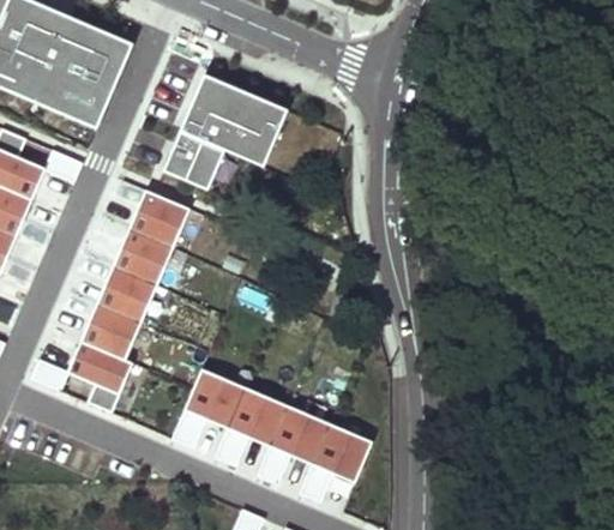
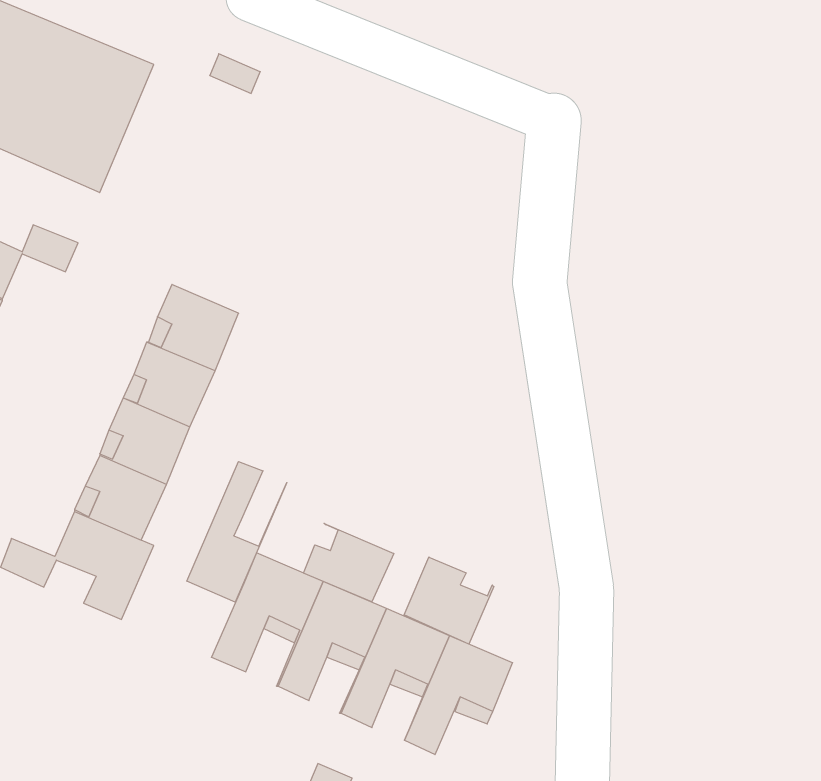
building: [162,73,288,189] -> none
building: none -> [187,462,287,602]
building: none -> [304,523,394,602]
building: none -> [404,557,494,644]

